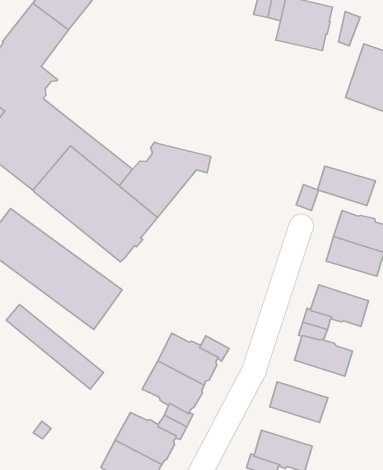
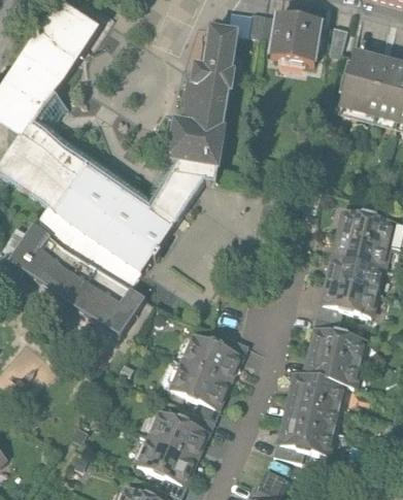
building: none -> [168,27,238,167]
building: [317,166,375,206] -> [329,257,382,291]
building: [6,305,103,389] -> [45,213,140,288]
building: none -> [306,352,360,387]
building: none -> [286,397,339,431]

